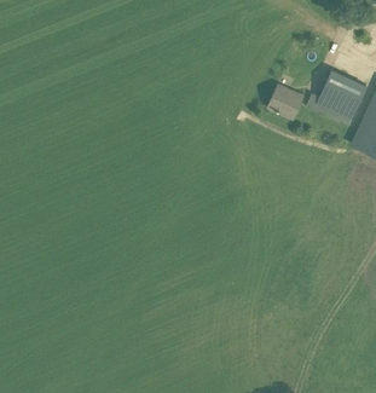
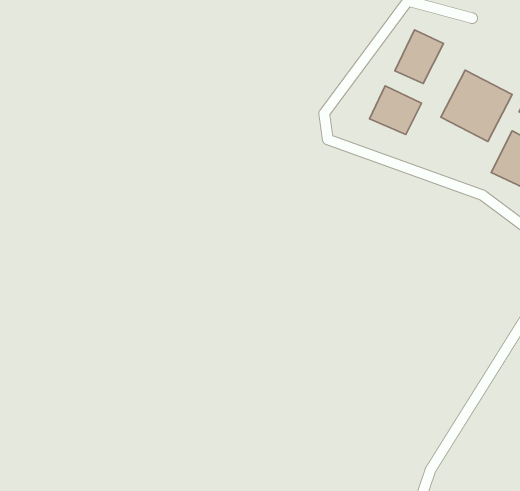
building: none -> [395,30,444,83]

